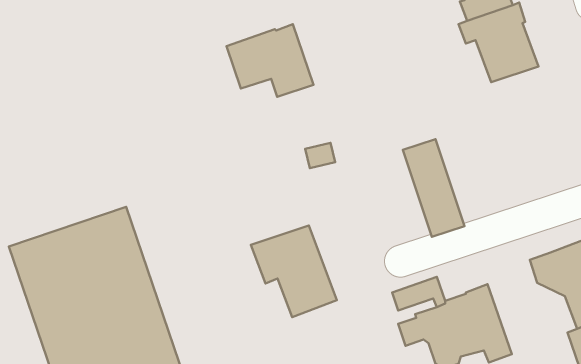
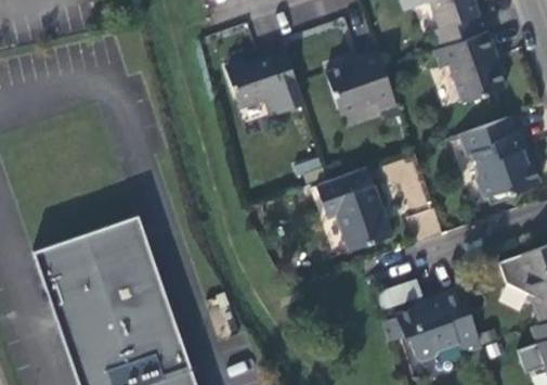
building: none -> [325,52,396,116]
building: none -> [457,118,538,196]
building: [251,225,337,317] -> [315,168,392,251]

